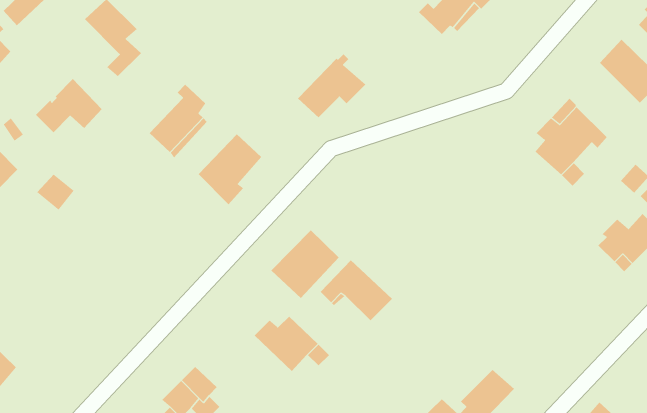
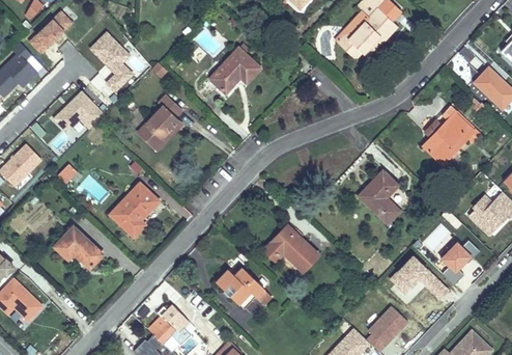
building: [297,54,366,118] -> [209,45,260,92]
building: [198,133,262,205] -> [110,183,158,236]
building: none -> [359,170,399,223]
building: [271,229,339,299] -> none
building: none -> [53,225,102,267]
building: none -> [440,240,480,284]
building: none -> [391,255,449,299]

